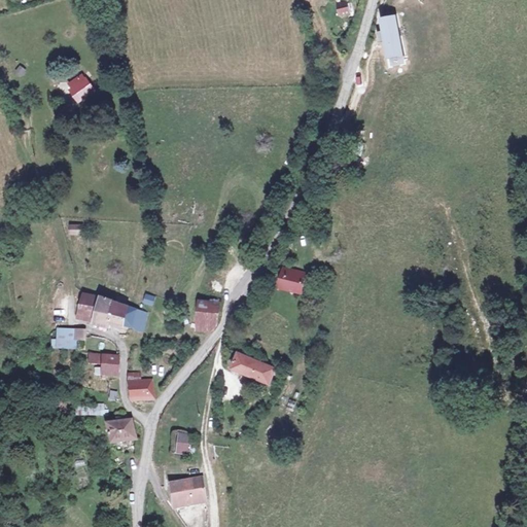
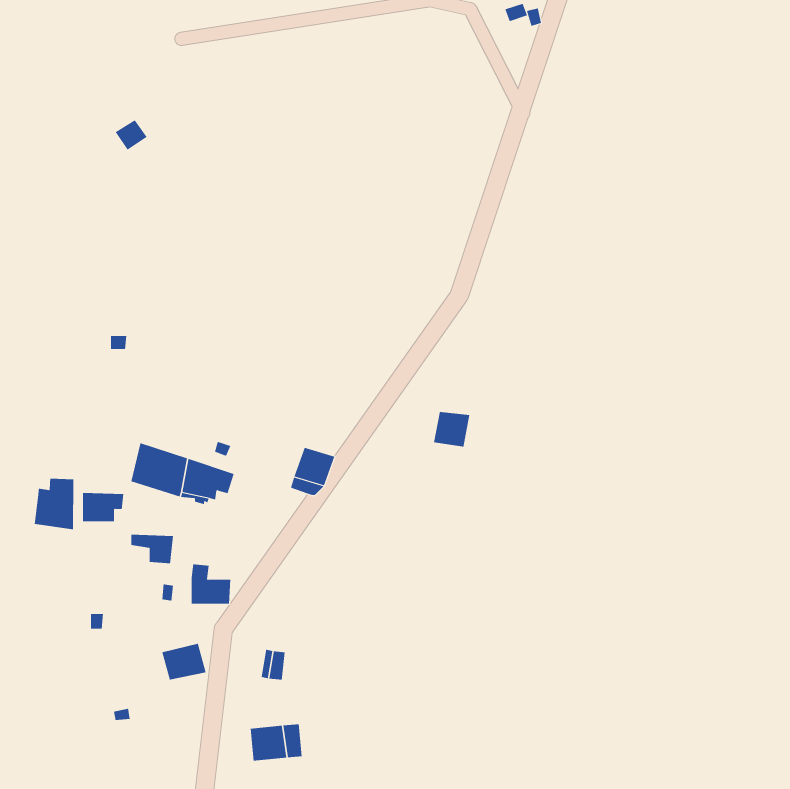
building: [376,10,402,57] -> none
building: none -> [34,478,74,530]
building: [229,349,280,381] -> none

